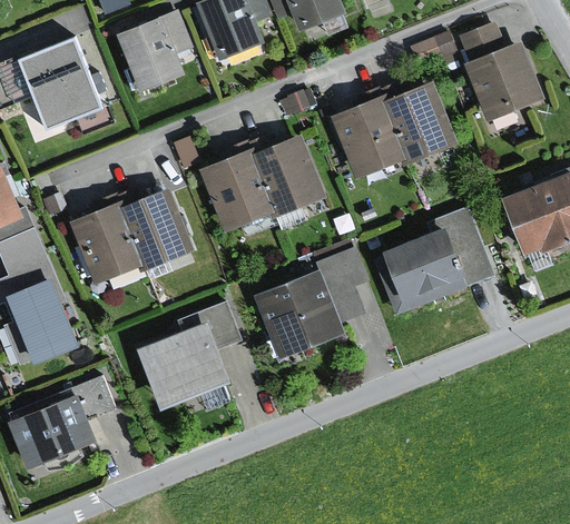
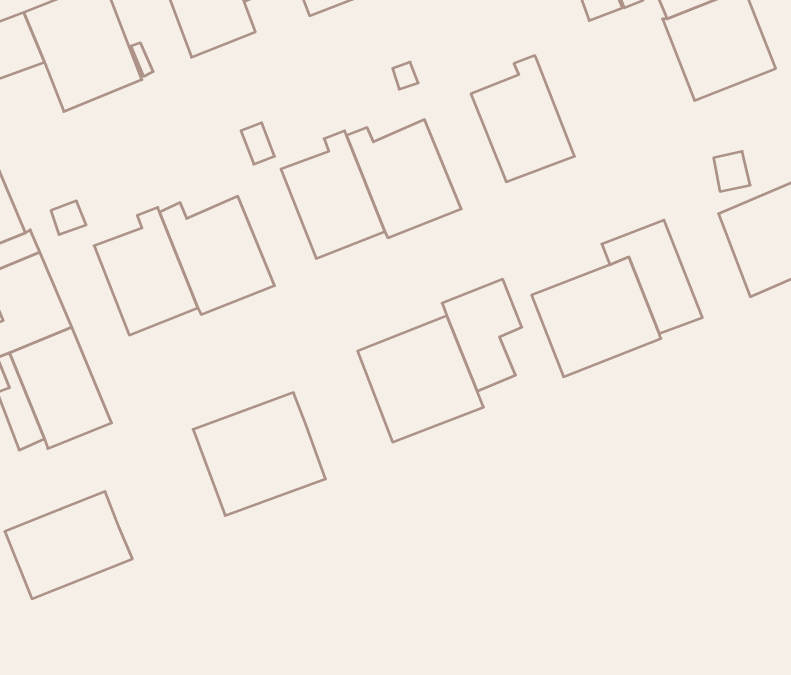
building: [377,82,458,165] -> none
building: [175,300,239,348] -> none
building: [42,374,115,419] -> none

